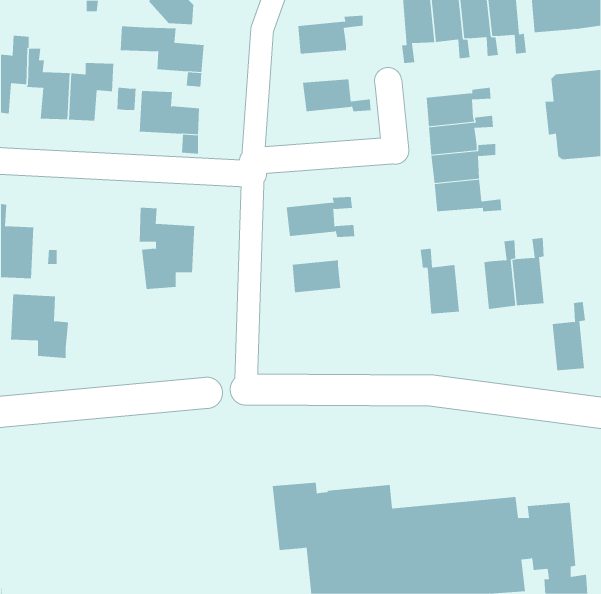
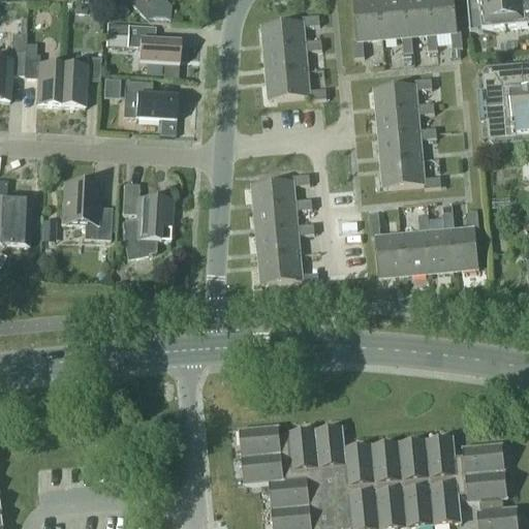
building: none -> [263,38,322,72]
building: none -> [254,204,314,234]
building: none -> [258,253,318,282]
building: [10,294,69,359] -> [60,182,112,239]
building: [552,302,586,371] -> [400,213,430,274]

